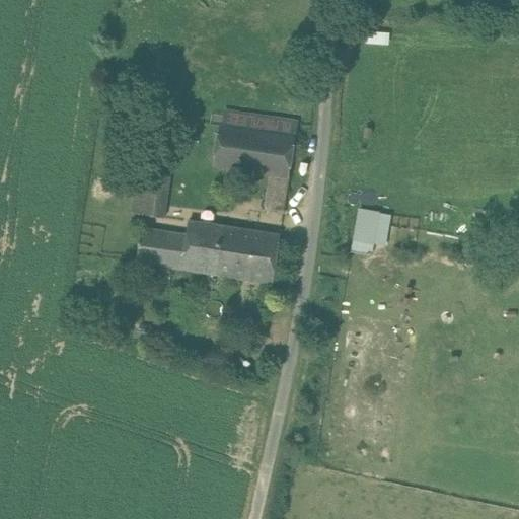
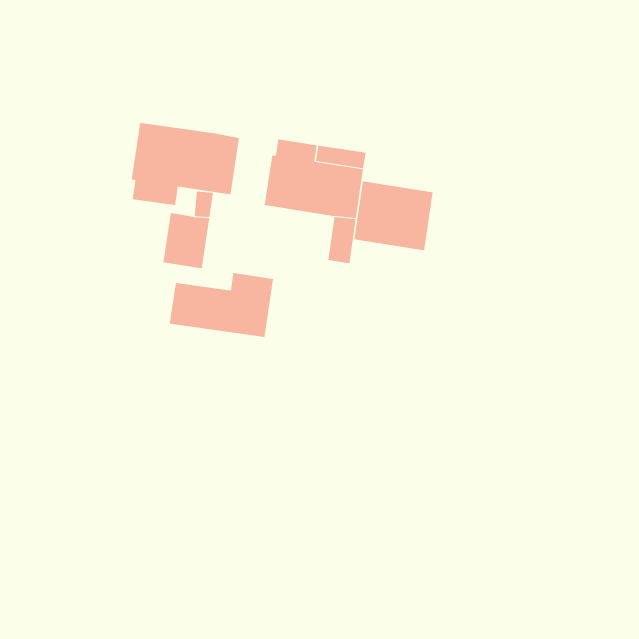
building: none -> [131,122,239,206]
building: [353,207,391,243] -> none
building: [215,226,280,283] -> [354,181,434,251]

